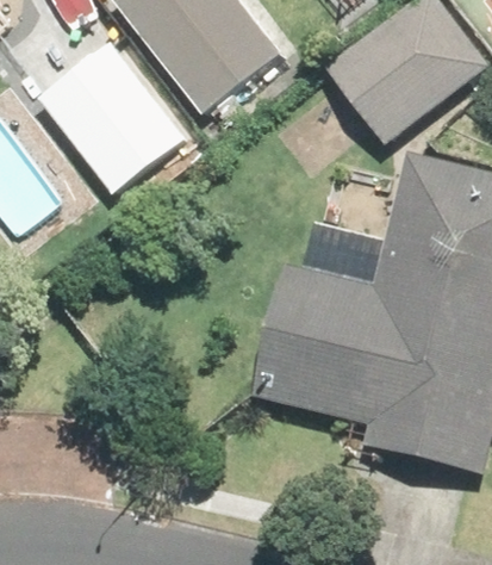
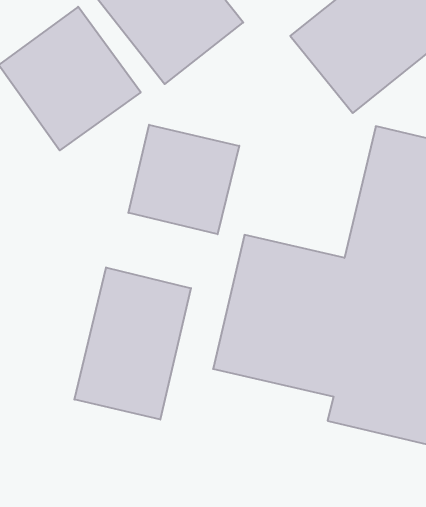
building: none -> [128,125,239,234]
building: none -> [74,267,191,420]

